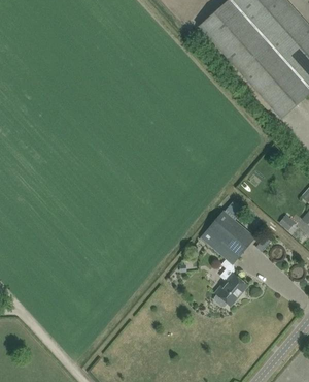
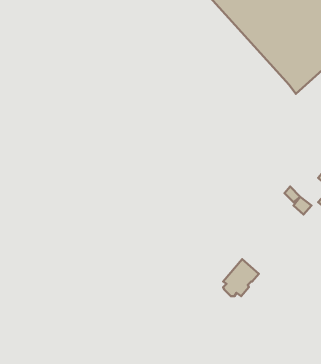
building: [201,211,255,263] -> none

